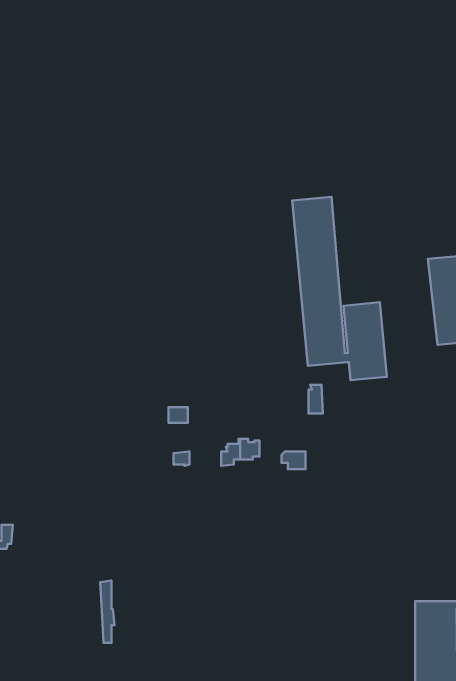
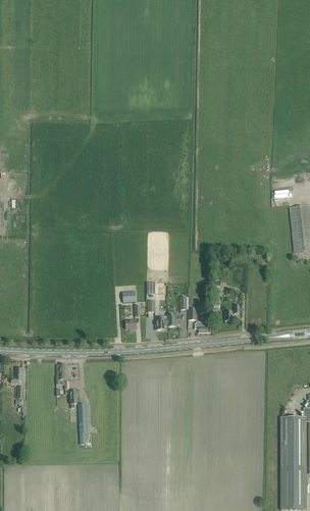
building: [292,197,387,380] -> none

